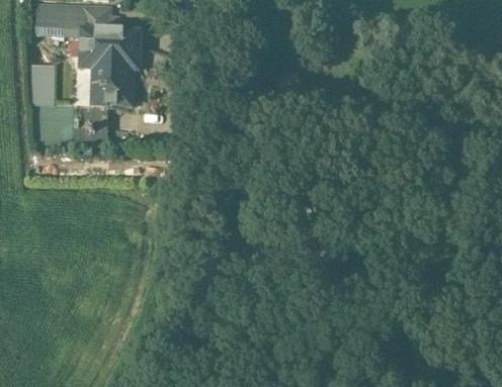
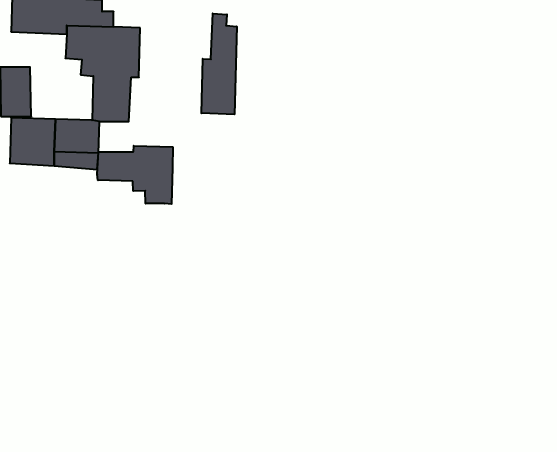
building: none -> [201,13,237,114]
building: none -> [97,146,173,204]

